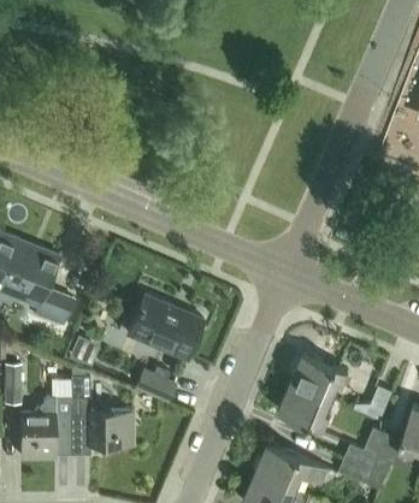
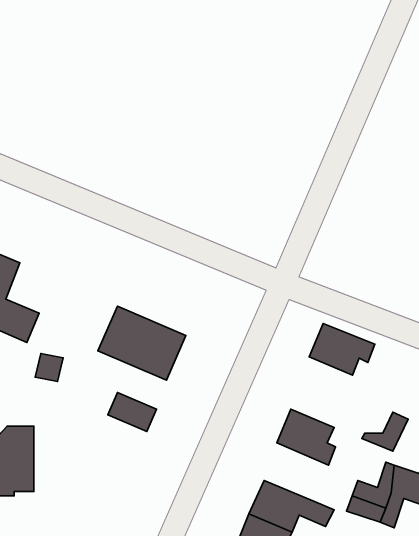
building: [293,355,349,400] -> [309,323,375,375]
building: [71,375,132,455] -> none

